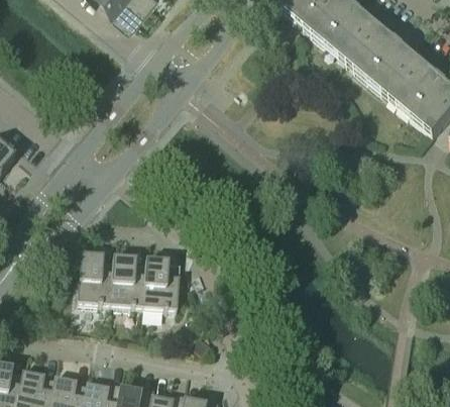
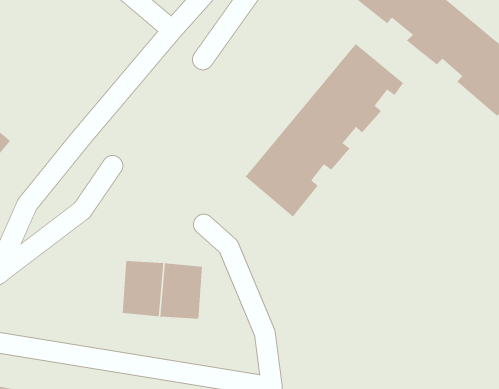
building: none -> [245,43,404,218]
building: [80,258,116,305] -> none

